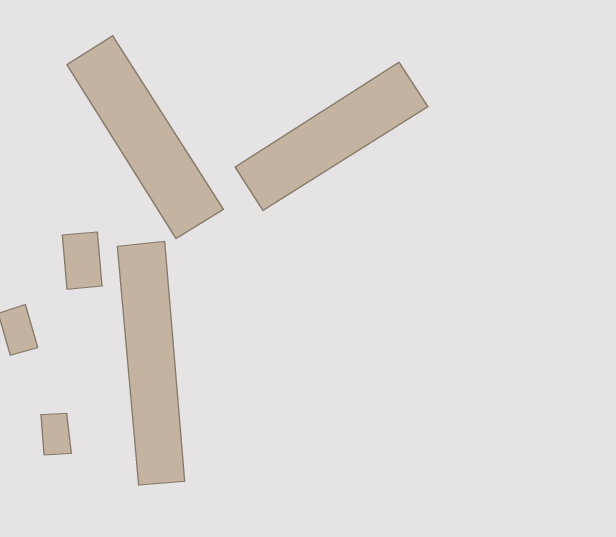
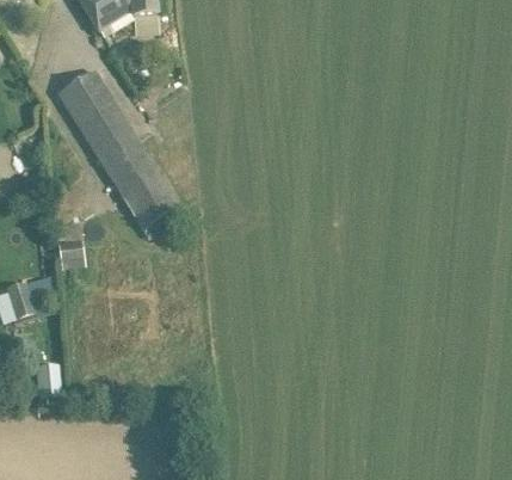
building: [235,62,428,211] -> none
building: [118,241,185,485] -> none

